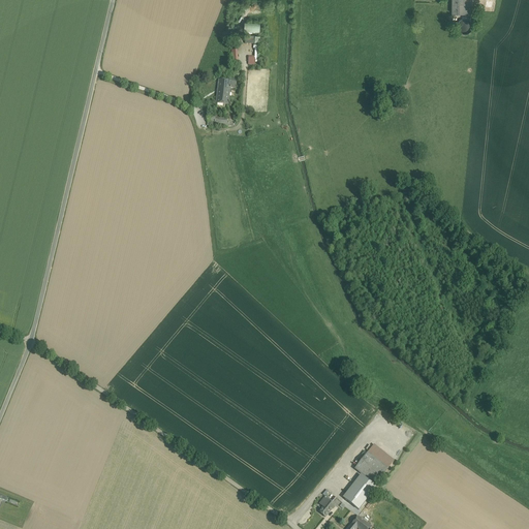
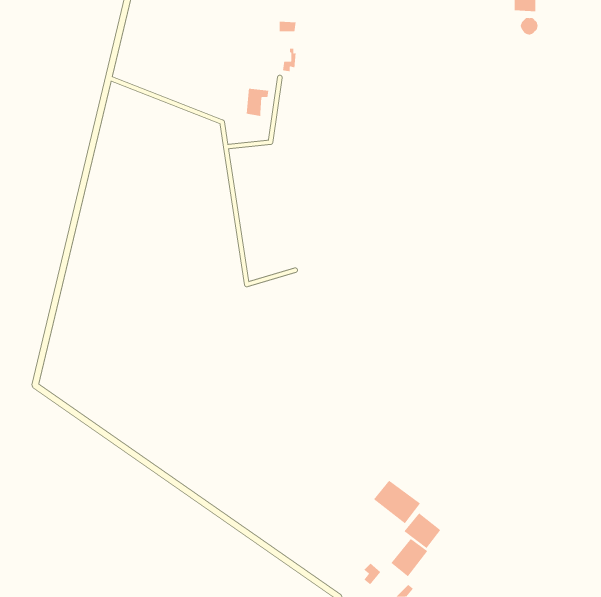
building: none -> [373,480,421,524]

